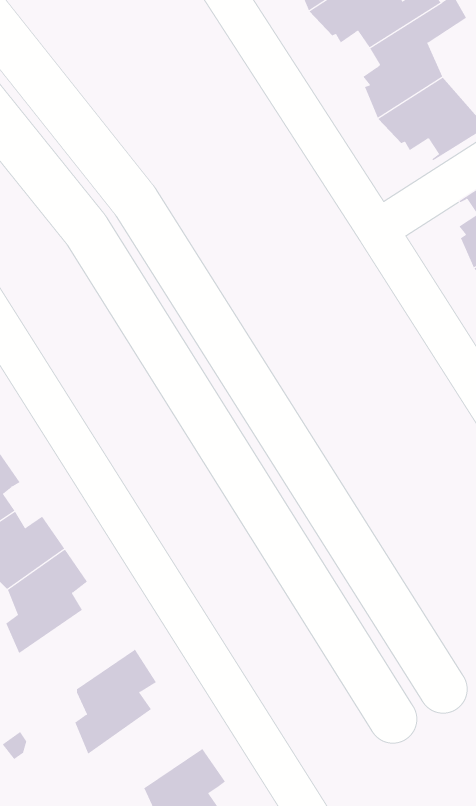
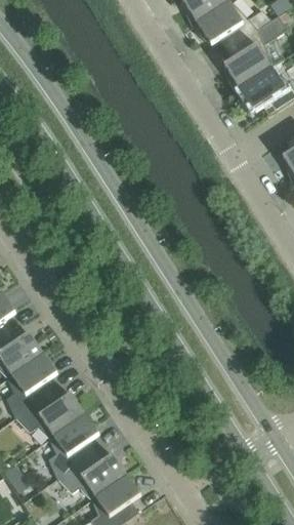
building: none -> [15,391,86,439]
building: none -> [57,451,127,499]

